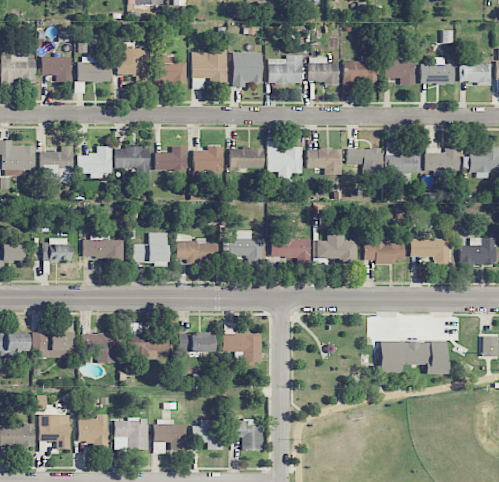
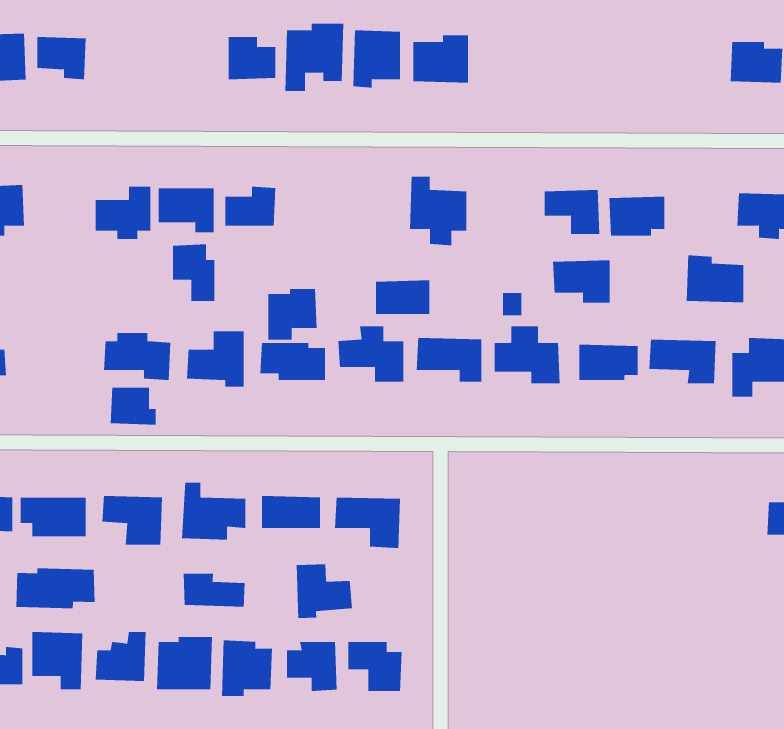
building: [119,48,149,80] -> none
building: [79,56,111,82] -> none
building: [344,56,378,90] -> none
building: [308,57,338,83] -> none
building: [420,57,454,84] -> none
building: [385,59,415,84] -> none
building: [424,142,459,171] -> [686,255,744,303]
building: [40,146,72,182] -> none
building: [193,147,223,178] -> [268,289,318,340]
building: [230,147,263,168] -> [375,280,430,315]
building: [306,148,341,174] -> [552,260,610,303]
building: none -> [173,243,215,302]
building: [42,239,70,262] -> [110,387,156,425]
building: [379,341,447,374] -> none
building: none -> [296,563,353,619]
building: none -> [16,568,95,609]
building: none -> [183,573,245,608]

